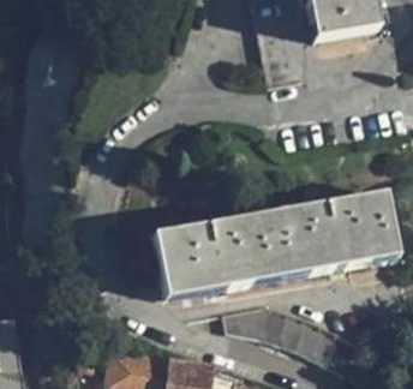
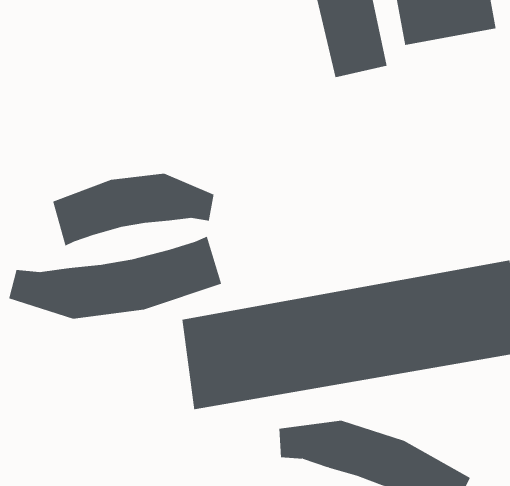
building: none -> [52,173,214,246]
building: none -> [8,236,222,319]

